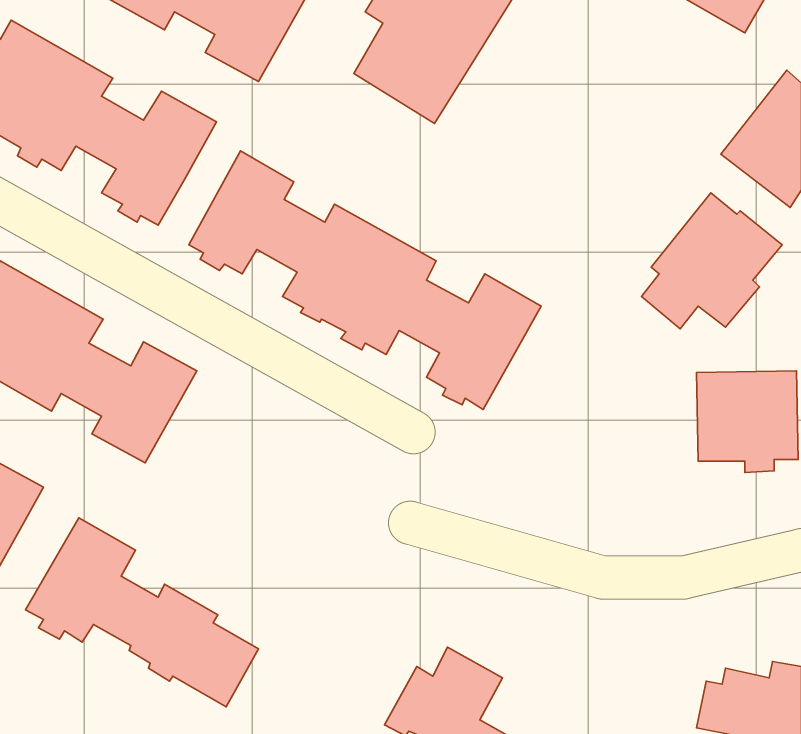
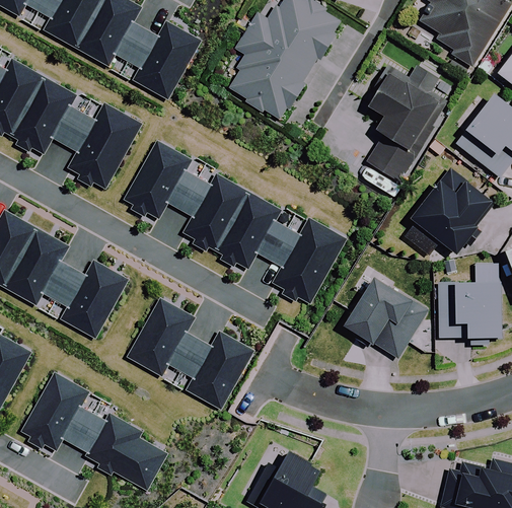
building: none -> [364,66,447,186]
building: none -> [349,275,430,357]
building: none -> [128,298,254,409]

